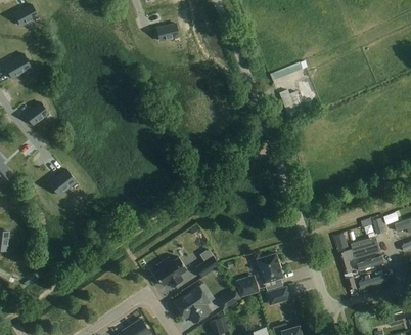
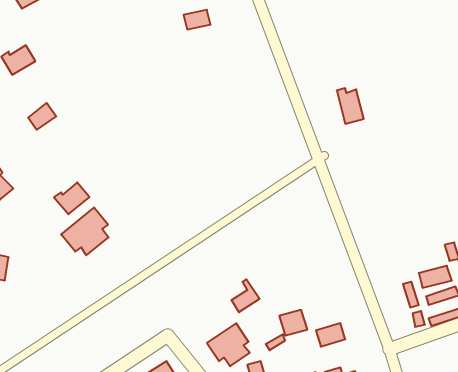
building: [273,62,309,89] -> none
building: none -> [61,207,109,255]
building: [257,254,283,284] -> none
building: [152,257,187,288] -> none

